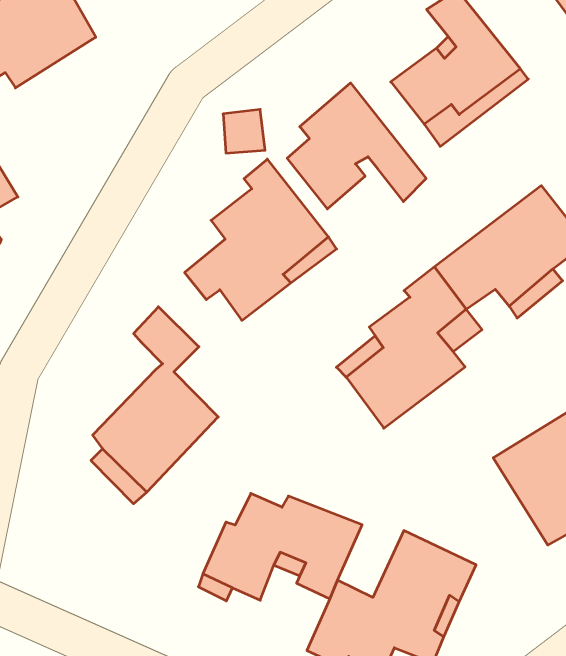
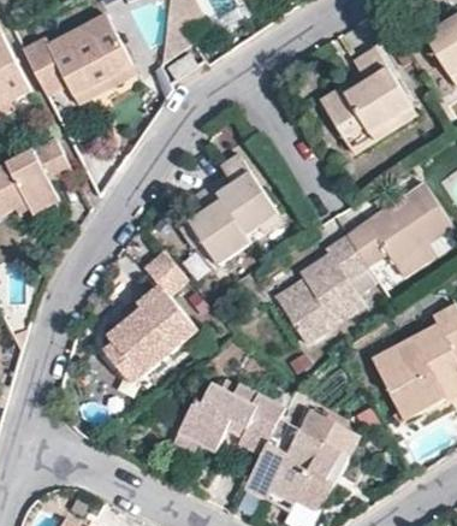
building: [287,83,426,209] -> none

